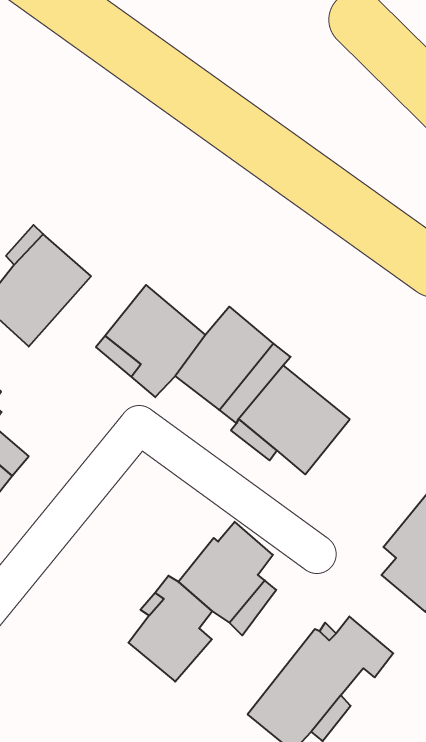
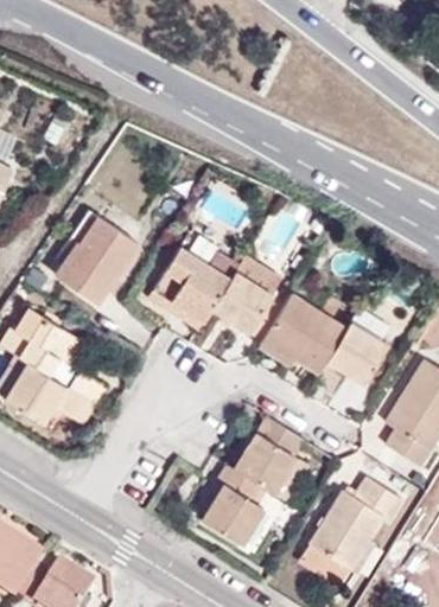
building: none -> [314,320,389,394]

